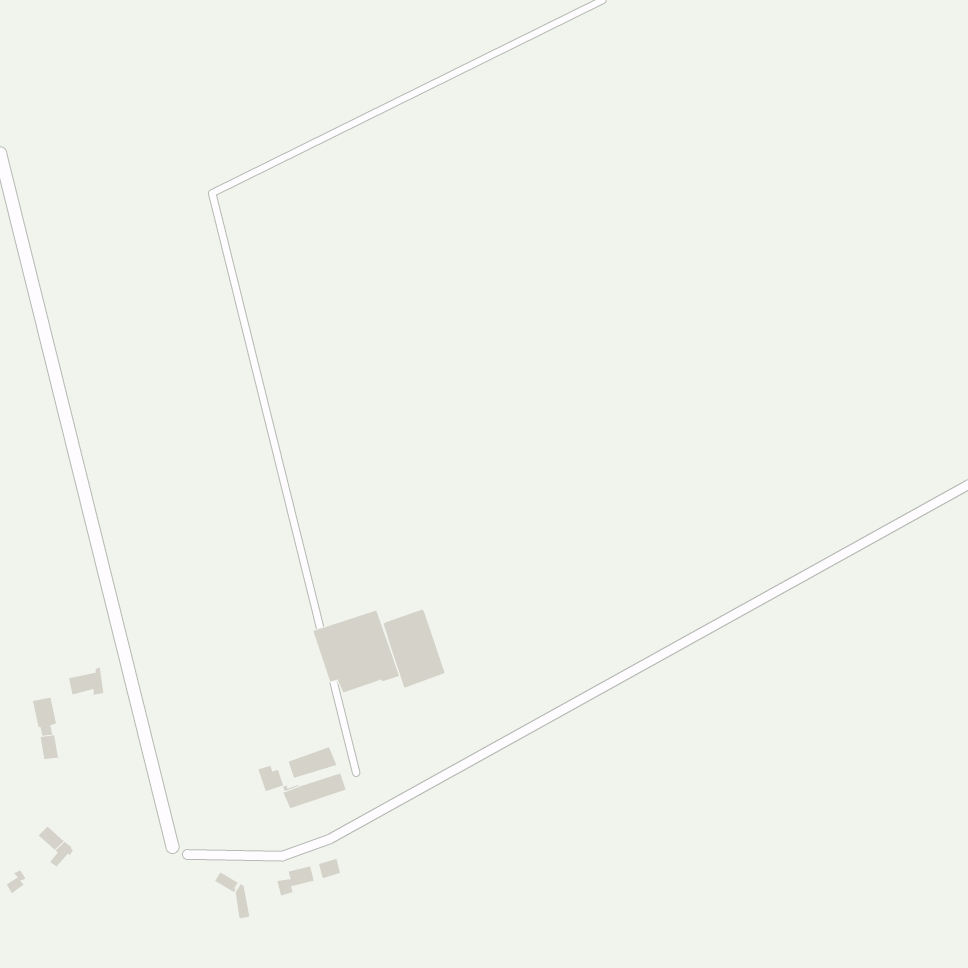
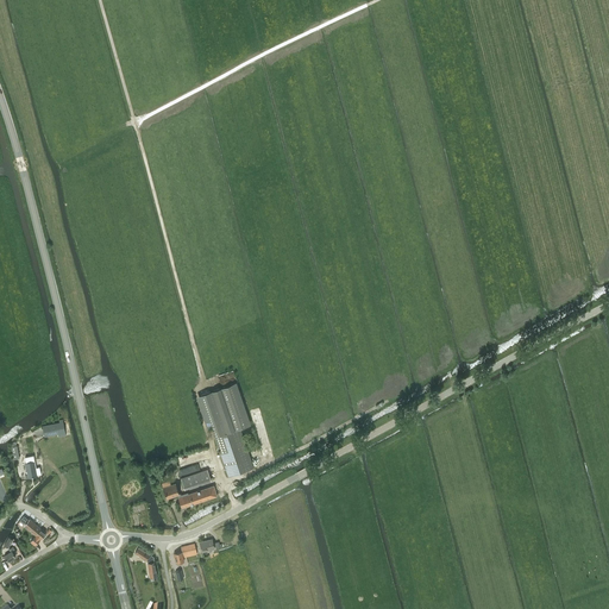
building: [383,609,445,688] -> [214,427,253,477]

